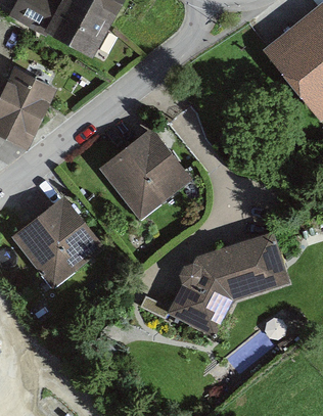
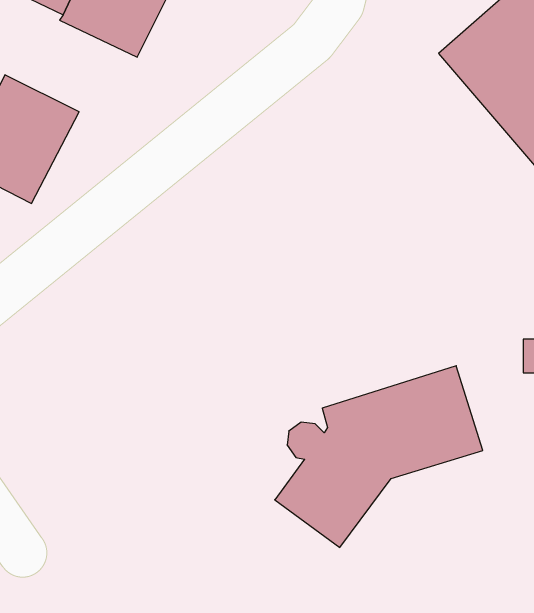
building: [103,133,187,218] -> none
building: [16,199,100,282] -> none

